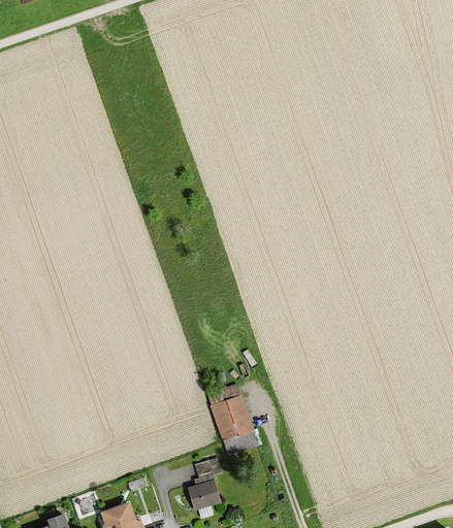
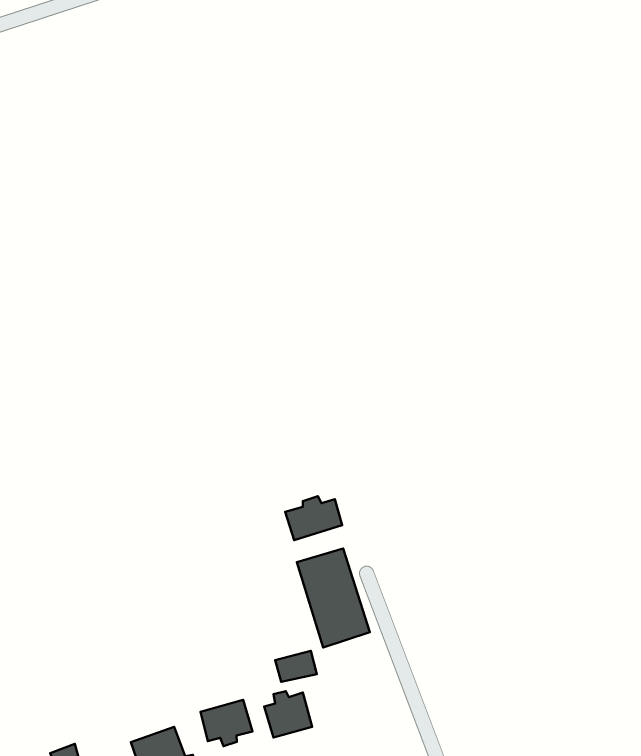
building: none -> [285,496,342,540]
building: none -> [200,700,252,746]

